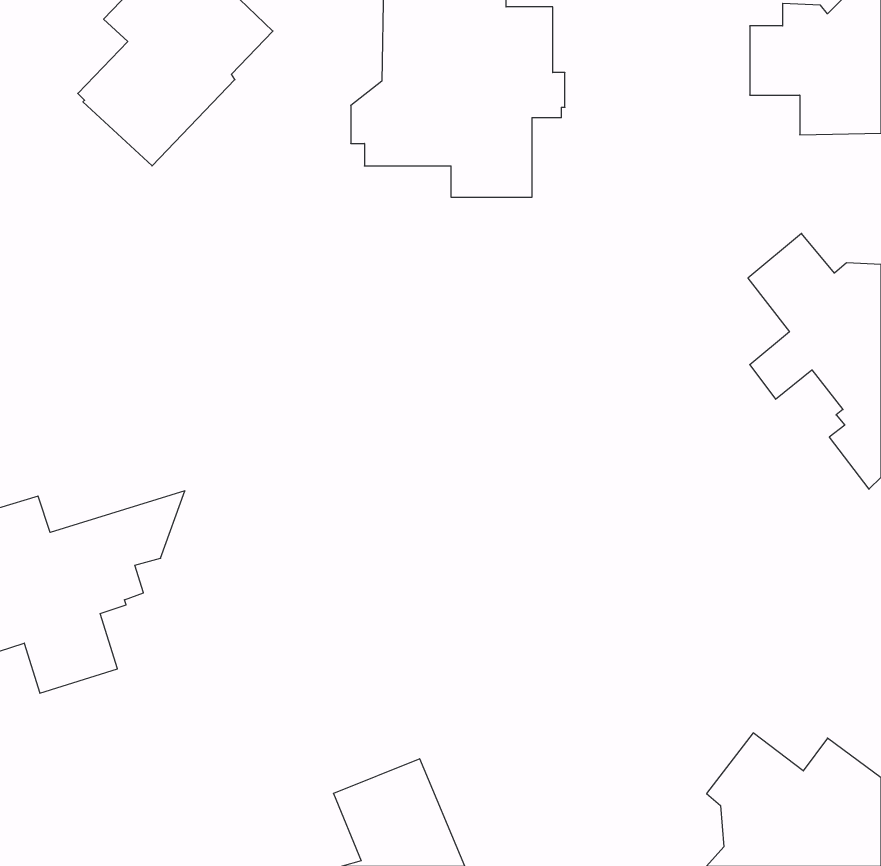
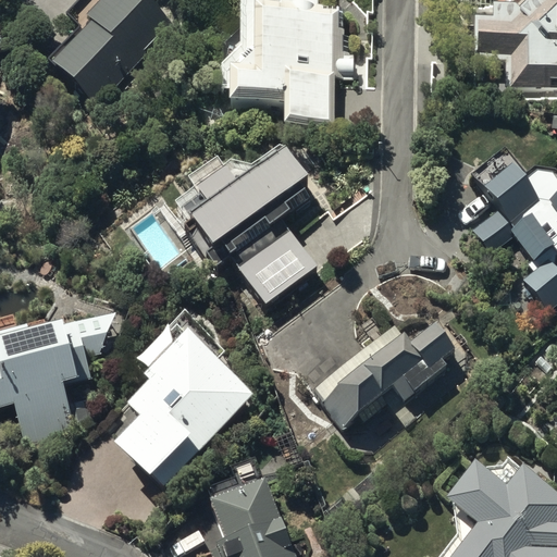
building: none -> [164,139,319,307]
building: none -> [312,304,455,428]
building: none -> [114,310,256,488]

